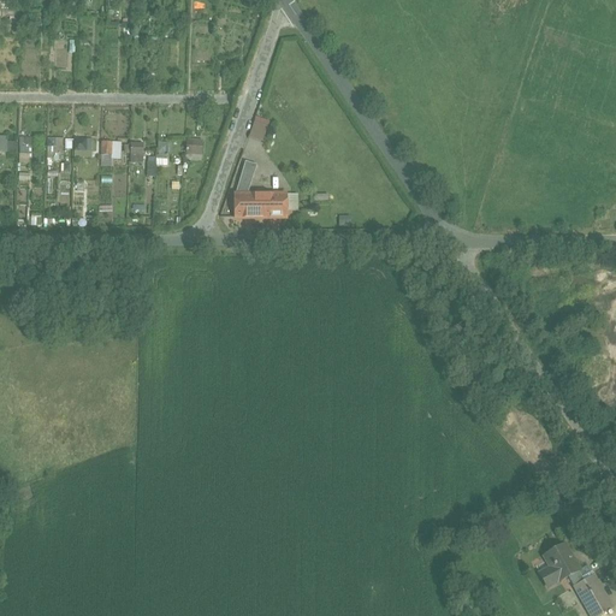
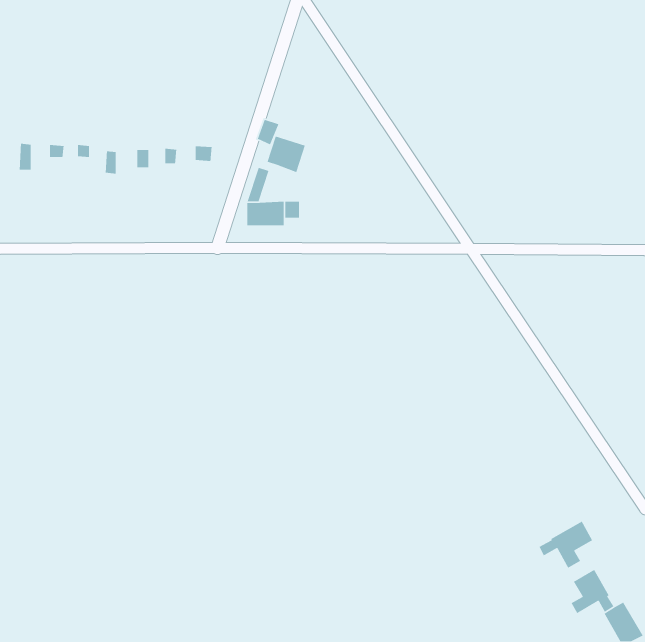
building: none -> [267,135,306,173]
building: none -> [538,520,593,569]

